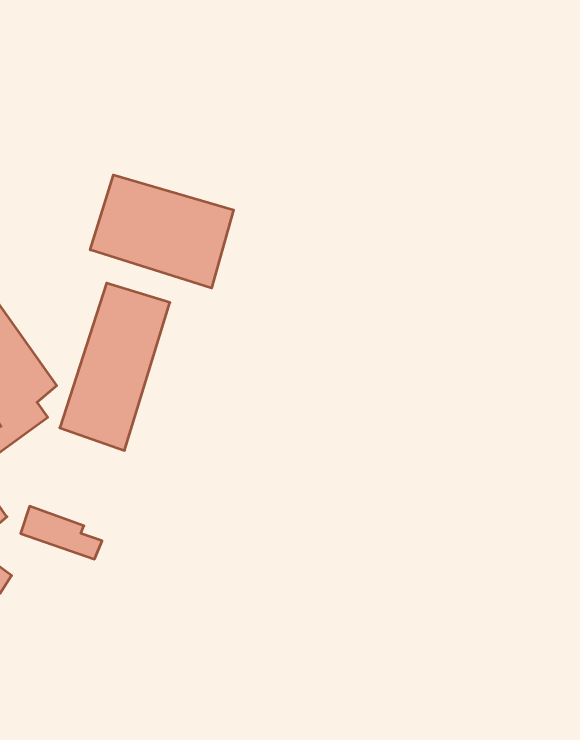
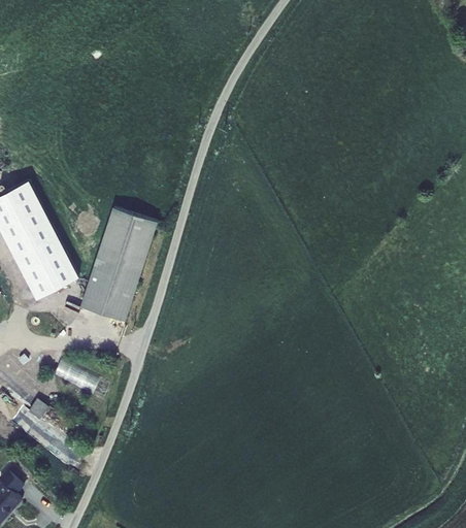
building: [90,175,234,288] -> none

